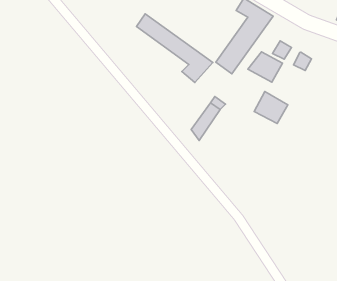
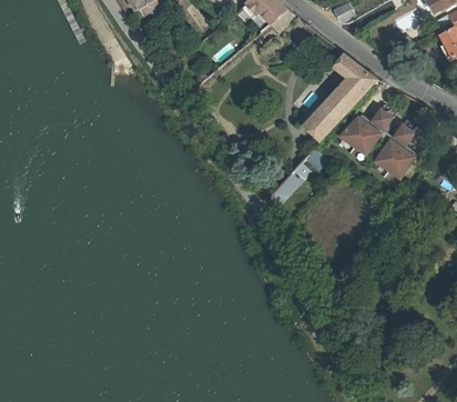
building: [136,14,213,82] -> none
building: [254,92,288,124] -> [376,139,415,177]

